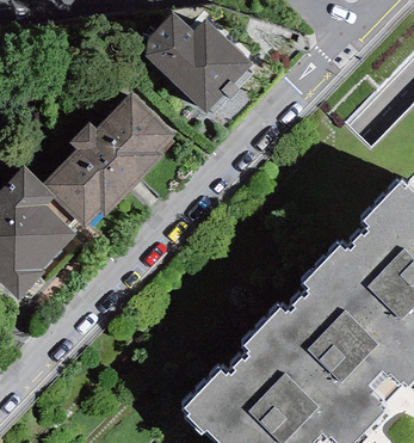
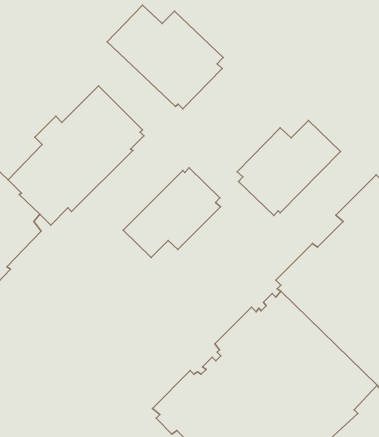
building: none -> [237,121,340,215]
building: none -> [123,168,220,257]

